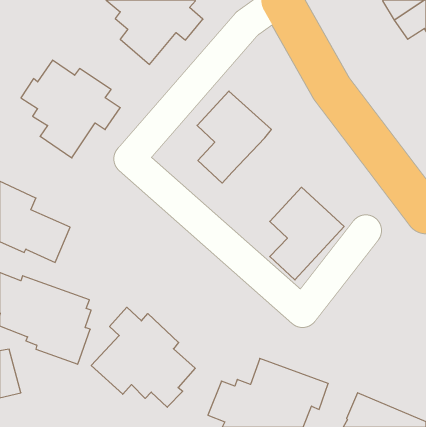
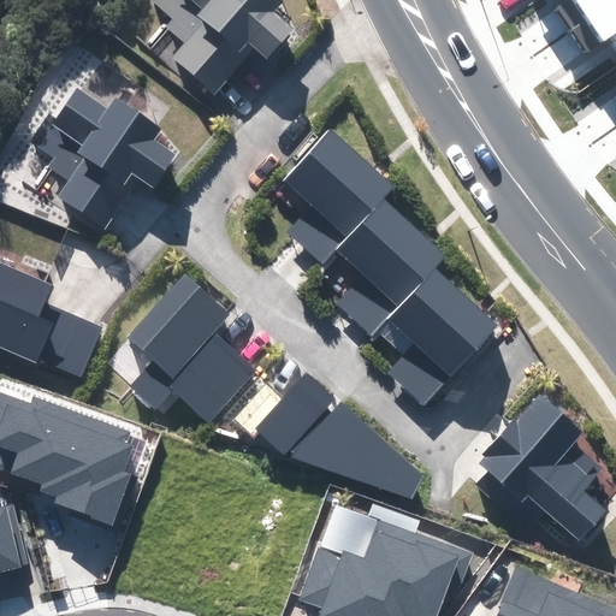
building: none -> [334,199,445,334]
building: none -> [124,272,254,419]
building: none -> [254,372,421,499]
building: none -> [475,395,606,541]
building: [91,307,195,407] -> none

